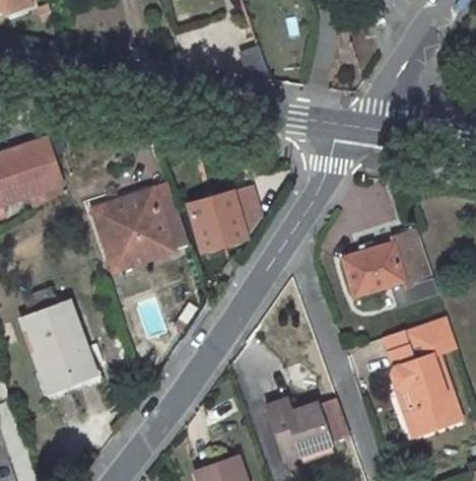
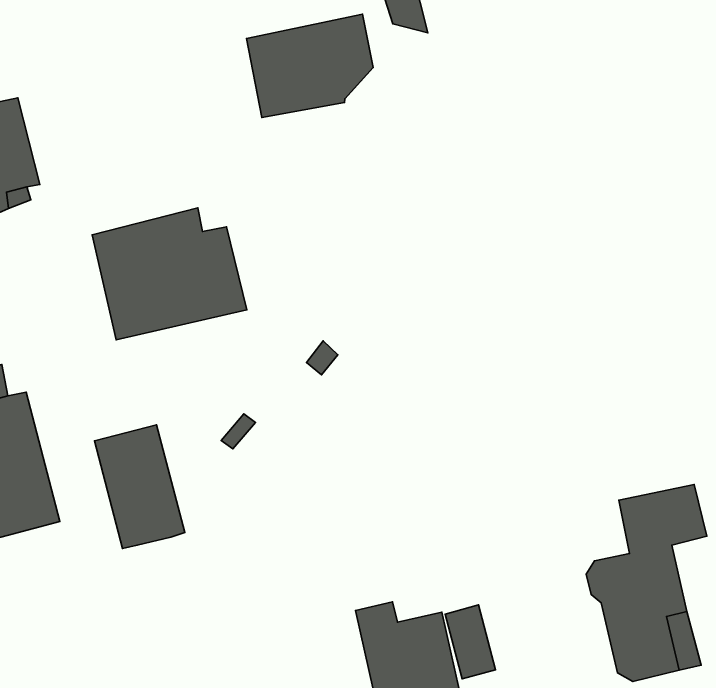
building: [188,186,261,250] -> [246,14,373,118]
building: [341,228,433,296] -> none
building: none -> [94,425,185,549]

